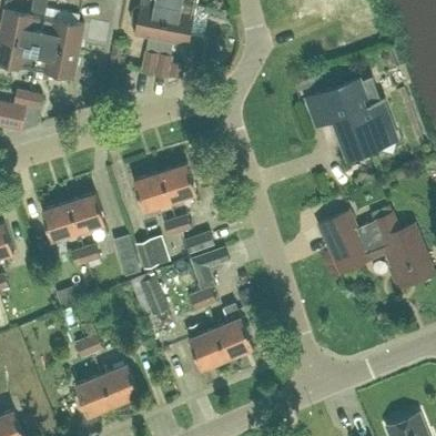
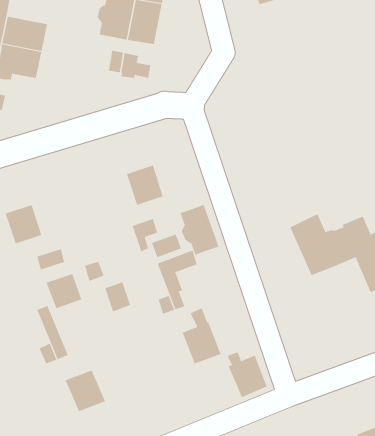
building: [307,77,392,158] -> none
building: [134,172,171,211] -> none
building: [69,193,105,232] -> none
building: none -> [180,204,219,256]
building: [135,236,171,271] -> [46,274,82,309]
building: [187,324,227,369] -> [227,351,268,398]
building: [75,374,114,416] -> none

